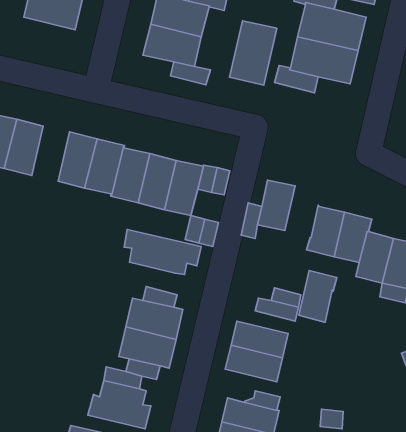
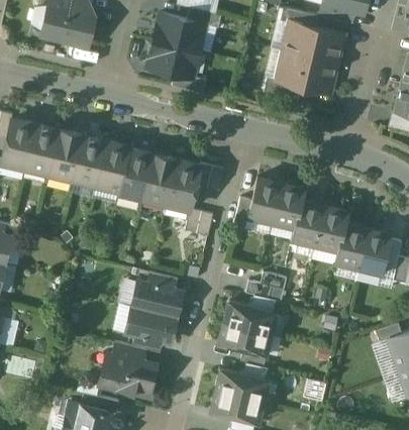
building: [230,21,277,85] -> none
building: none -> [48,130,82,179]
building: [124,229,201,275] -> none
building: [299,271,337,322] -> [272,183,305,228]

